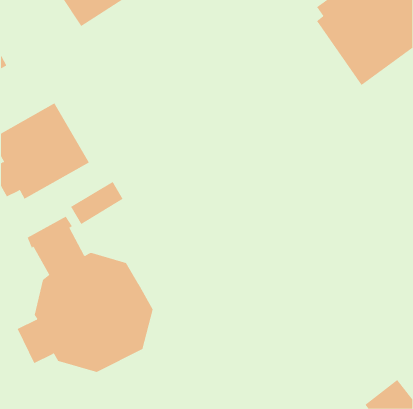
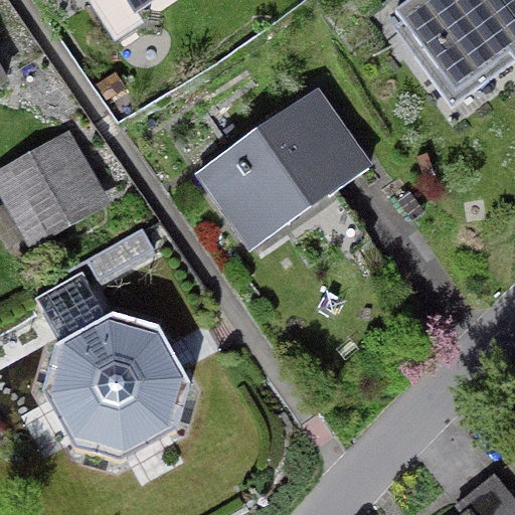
building: none -> [194,85,373,251]

